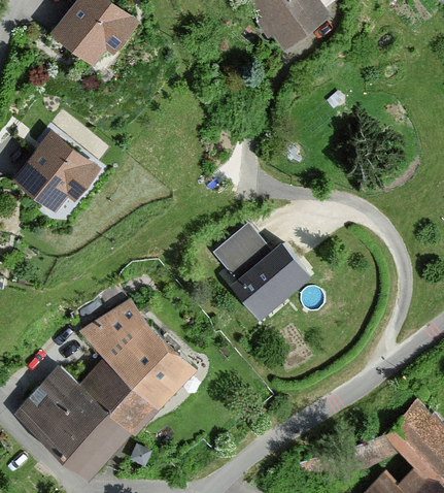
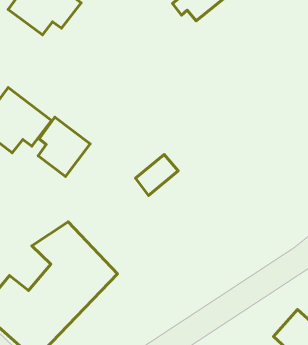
building: none -> [38,117,90,177]
building: [234,243,312,320] -> none

